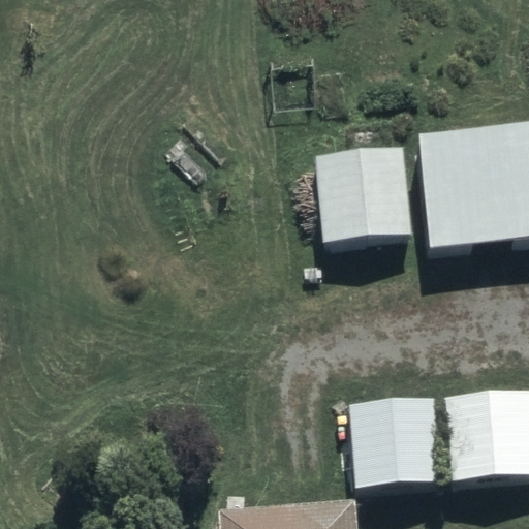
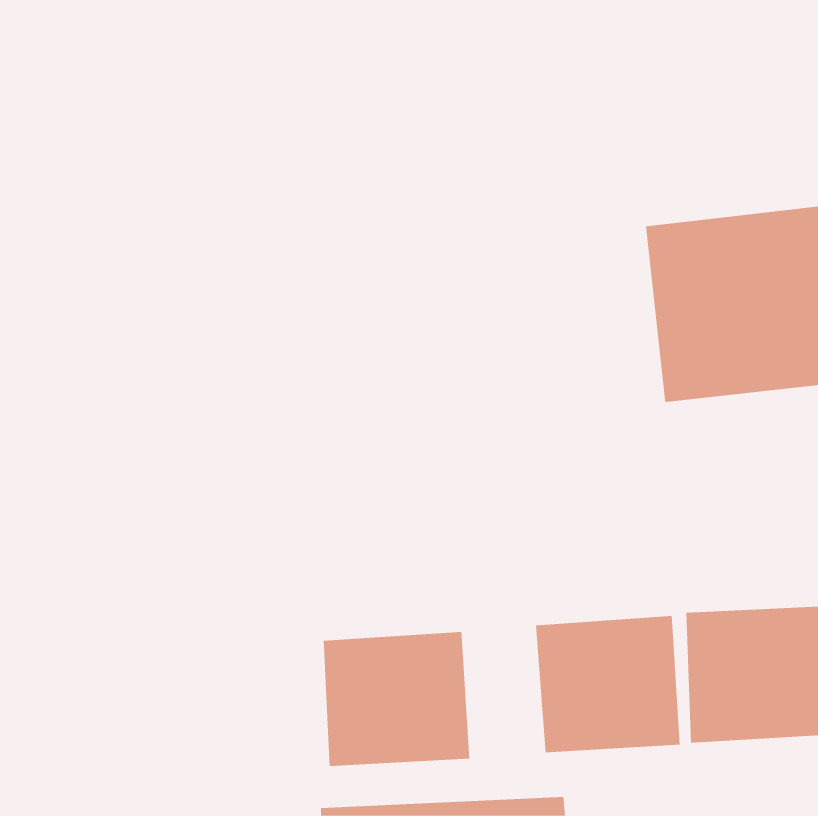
building: [316,153,412,247] -> none
building: none -> [323,631,470,767]

